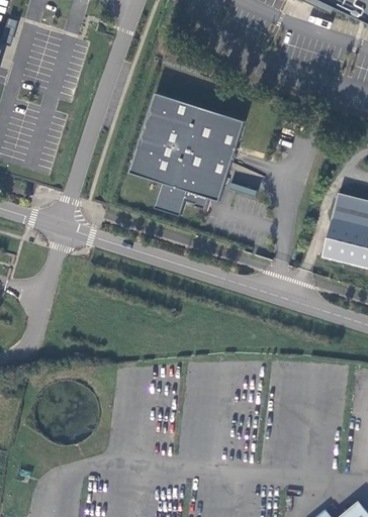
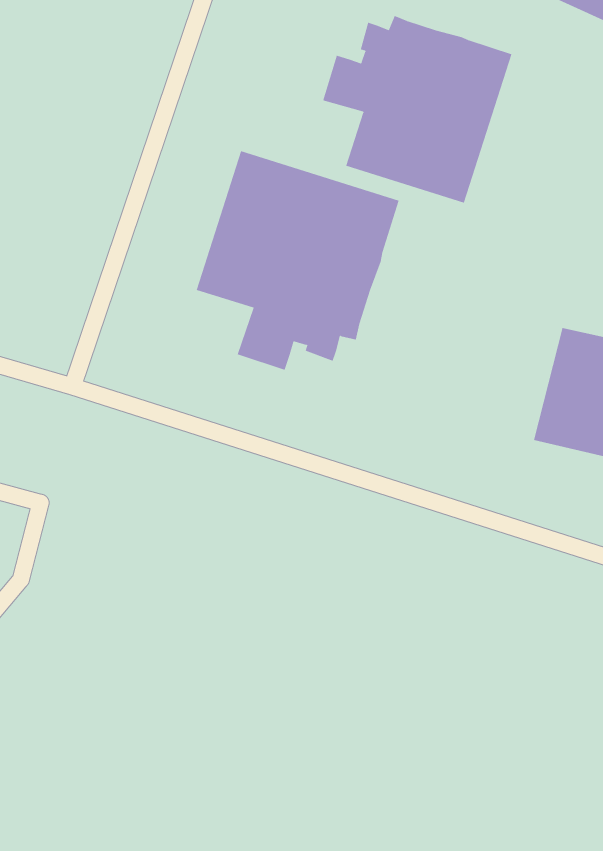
building: none -> [323,15,512,204]

